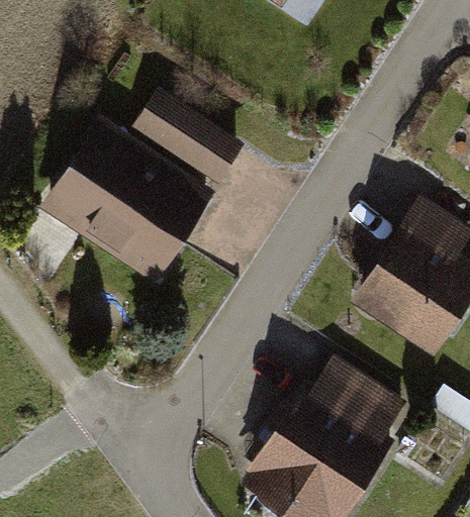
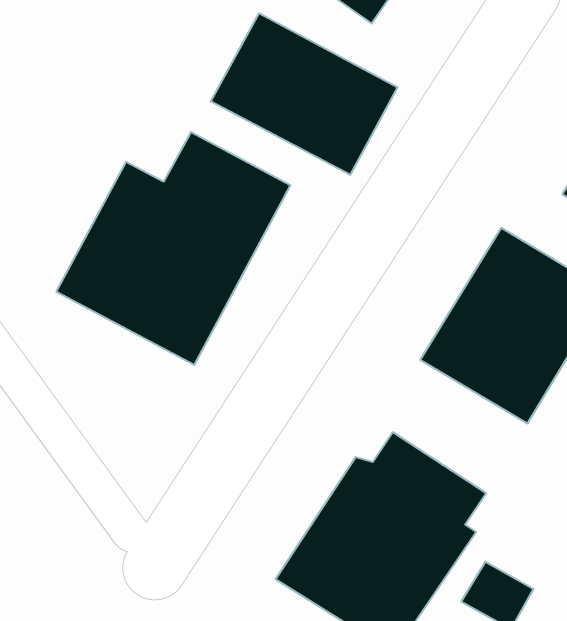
building: none -> [211,13,397,175]

